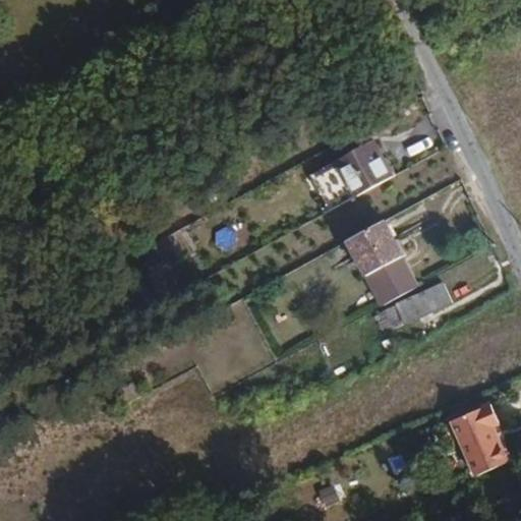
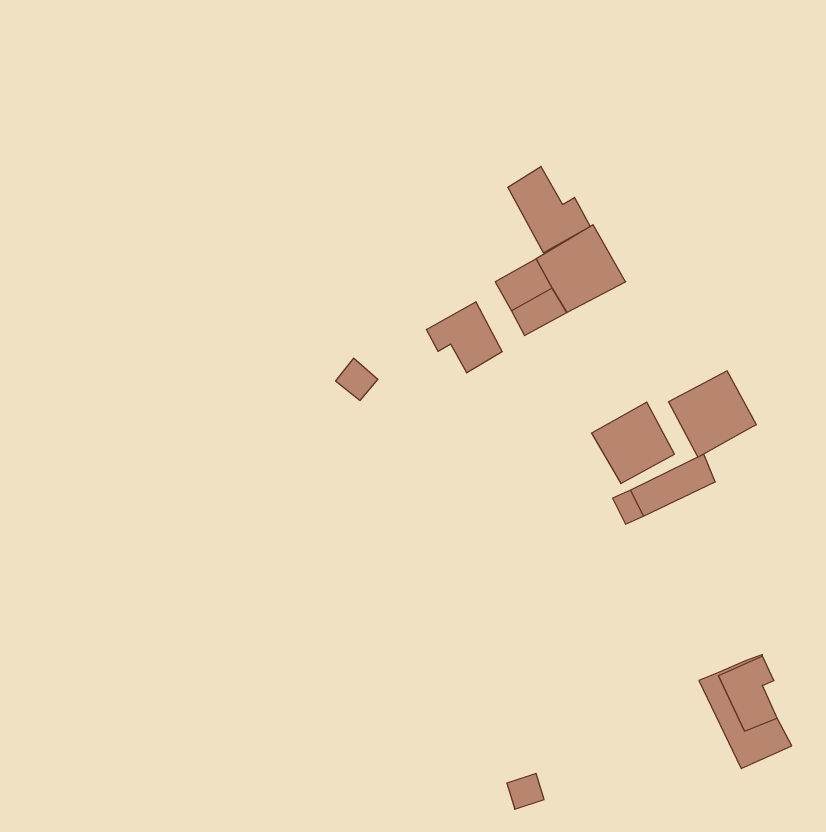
building: none -> [508,166,590,253]
building: none -> [426,302,502,373]
building: [351,217,406,271] -> [668,371,756,457]

